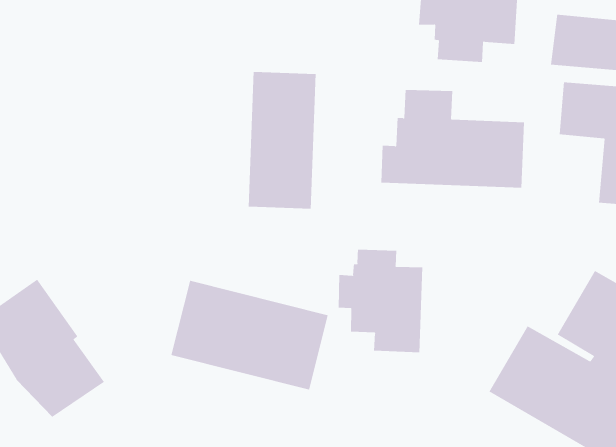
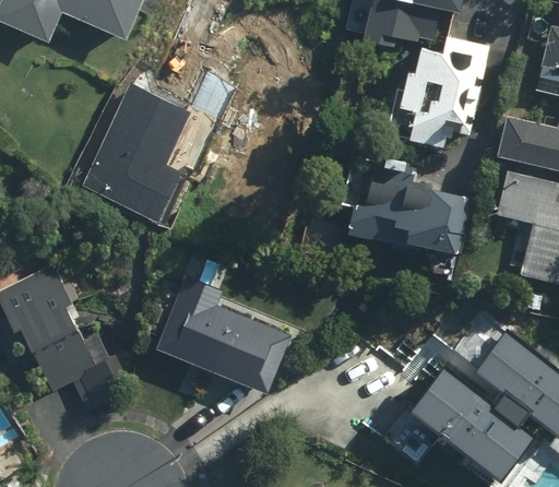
building: none -> [82,83,189,221]
building: [248,71,316,210] -> none
building: [338,249,423,353] -> none

